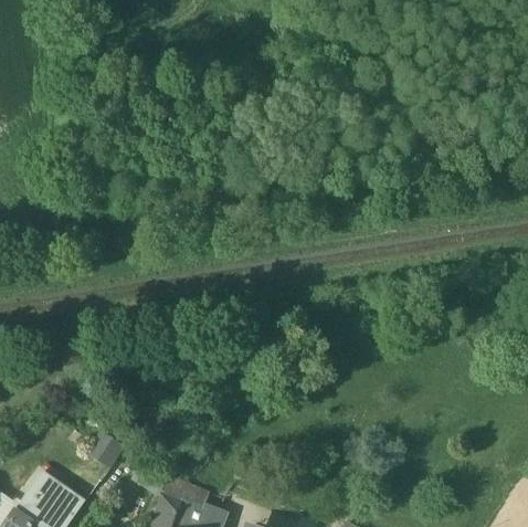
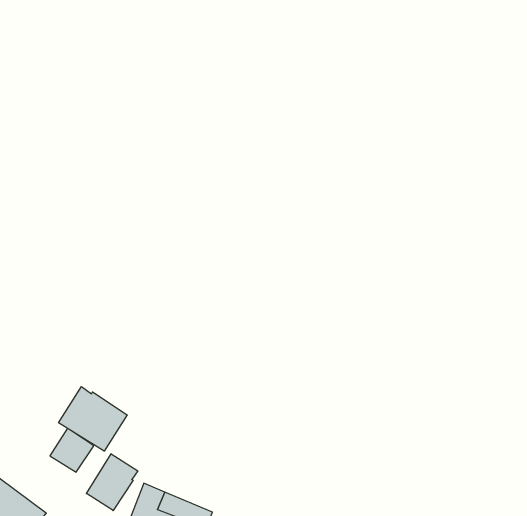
building: none -> [59,387,127,451]
building: none -> [86,454,138,511]

